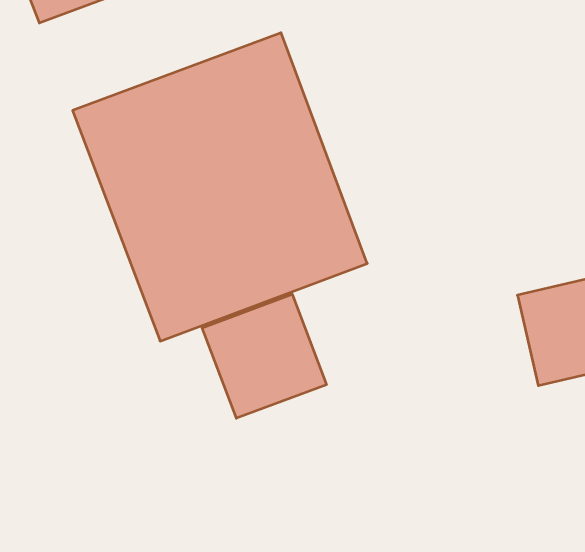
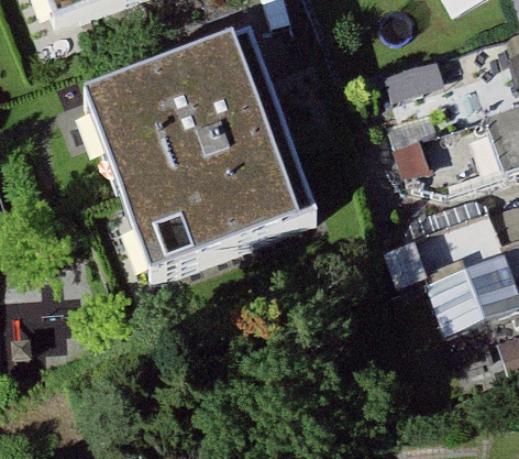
building: [202,294,326,418] -> none

